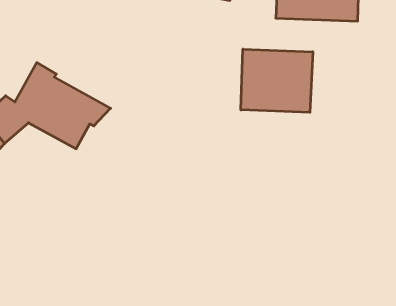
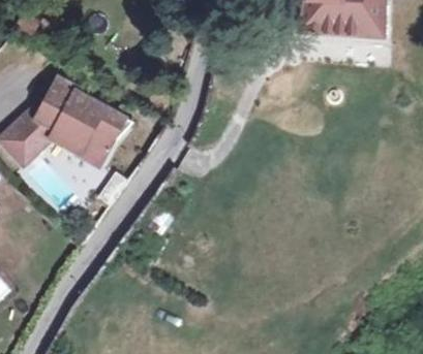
building: [241,49,313,112] -> none

